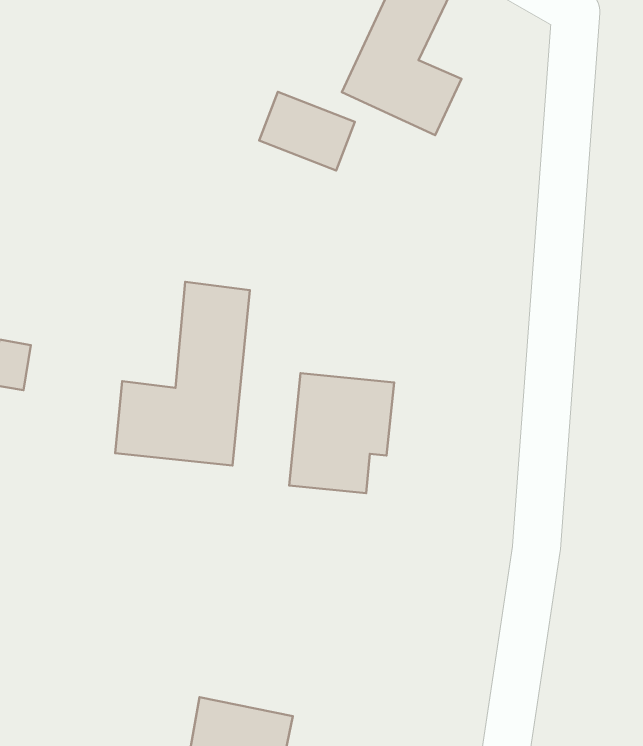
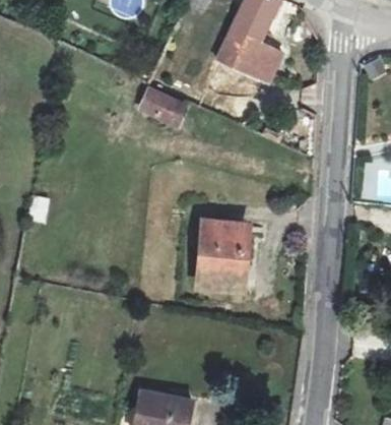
building: [259,92,355,170] -> [139,85,191,128]
building: [115,282,250,465] -> none

